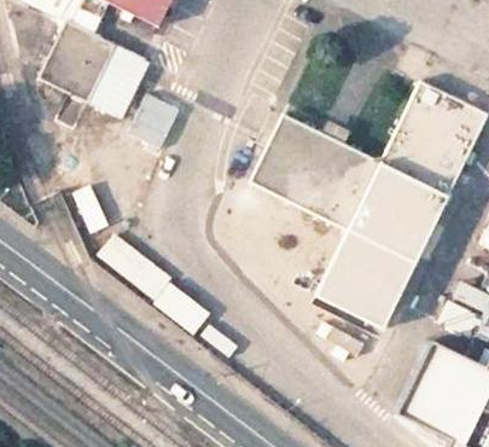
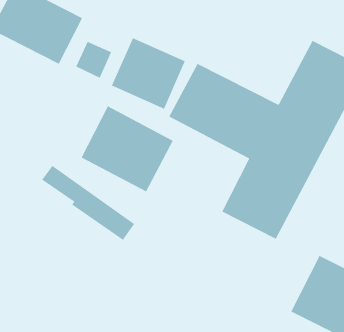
building: none -> [111,37,186,110]
building: none -> [80,105,174,193]

